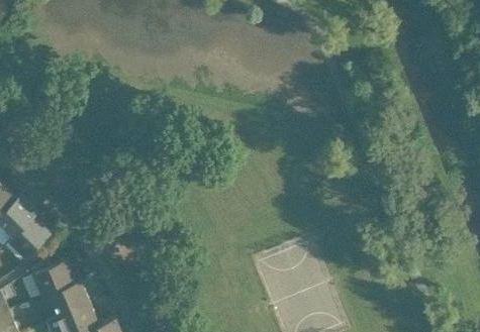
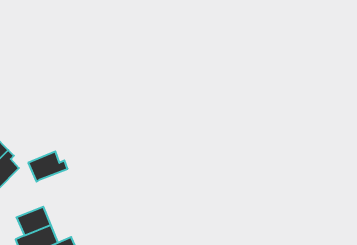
building: [32,259,81,297] -> [28,151,68,182]

